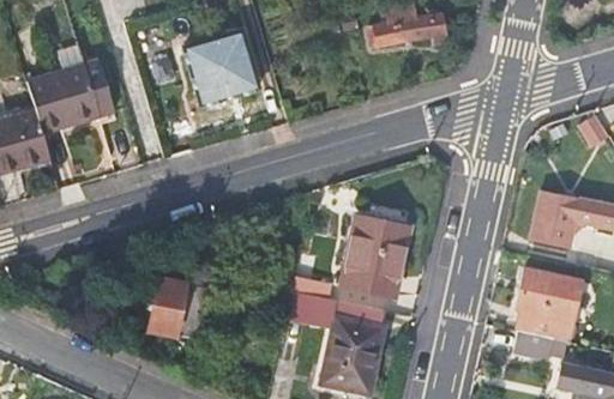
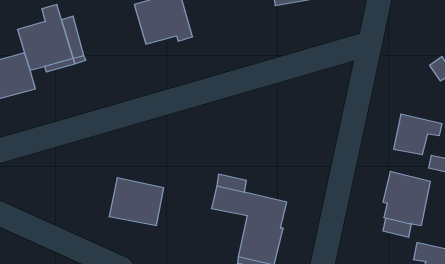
building: [342,214,410,295] -> none

